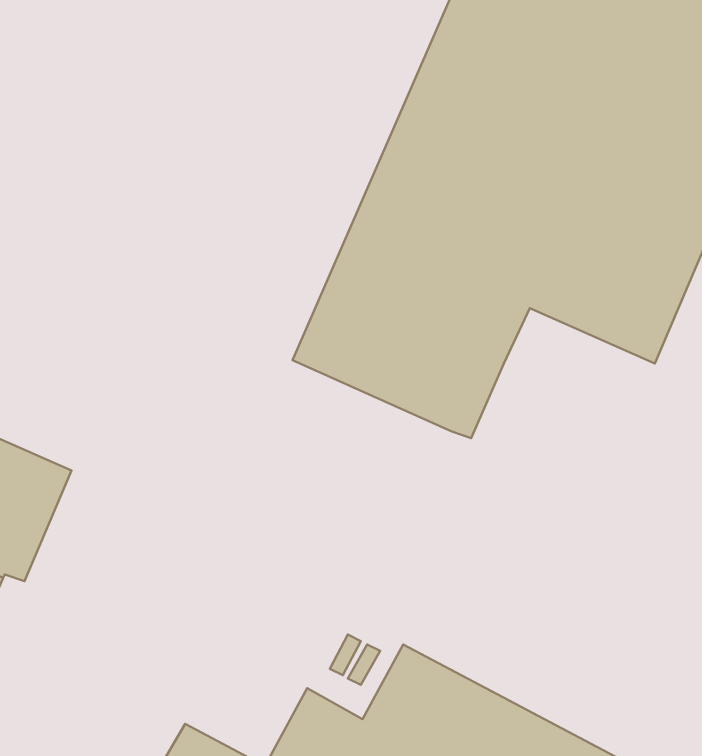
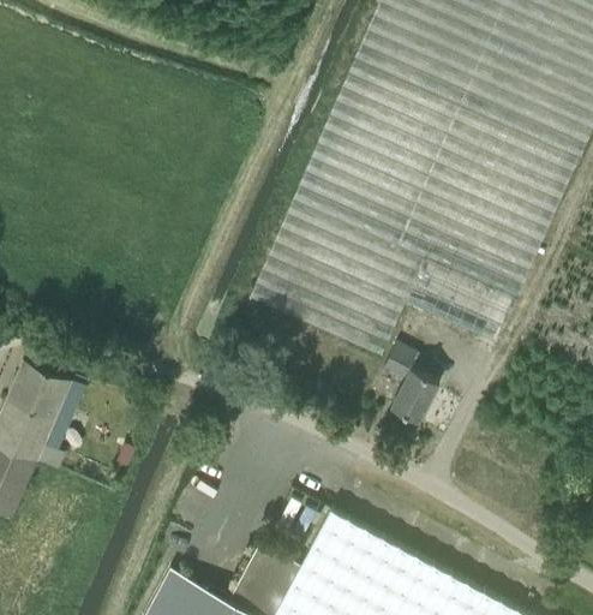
building: none -> [405,262,516,345]
building: none -> [383,345,438,422]

